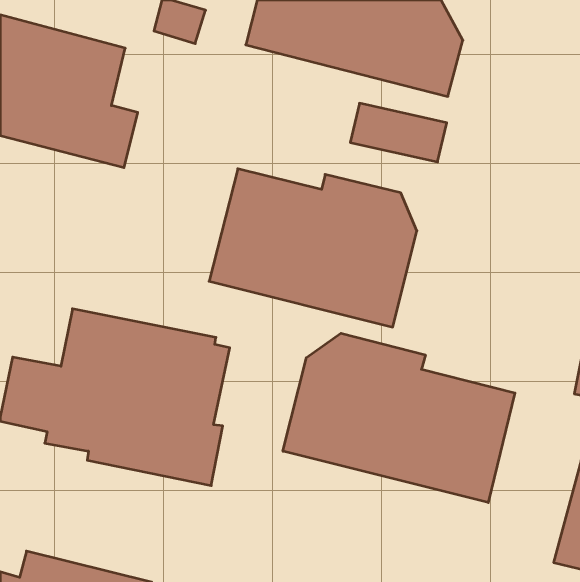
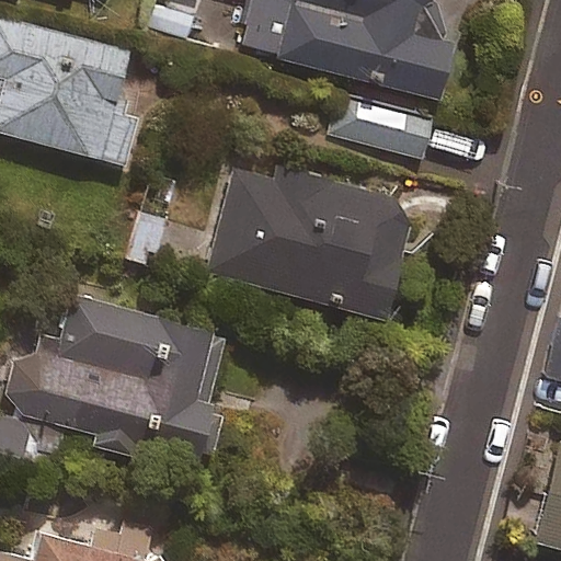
building: [283,333,515,503] -> none

